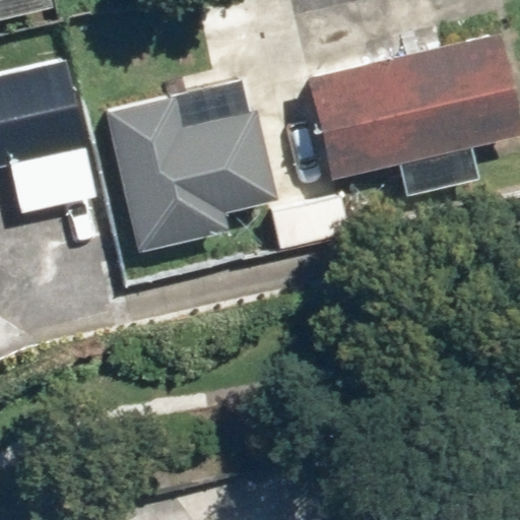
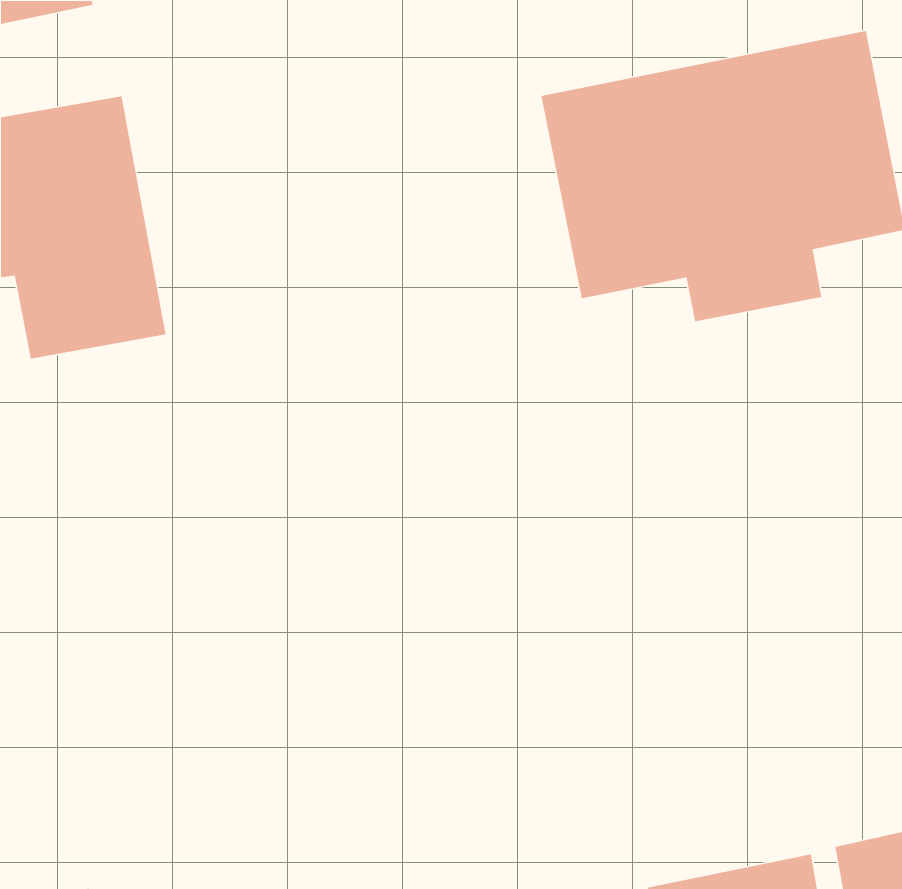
building: [107,95,277,253] -> none

